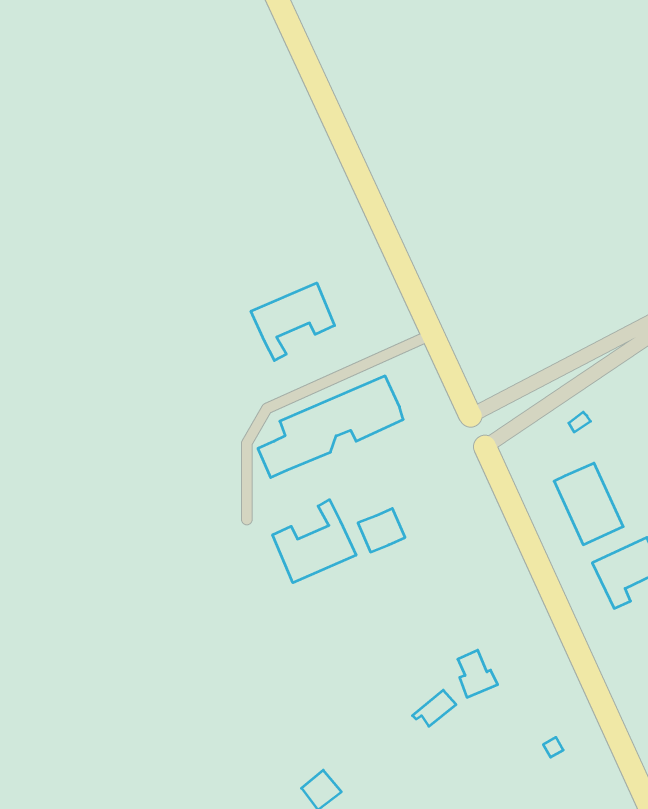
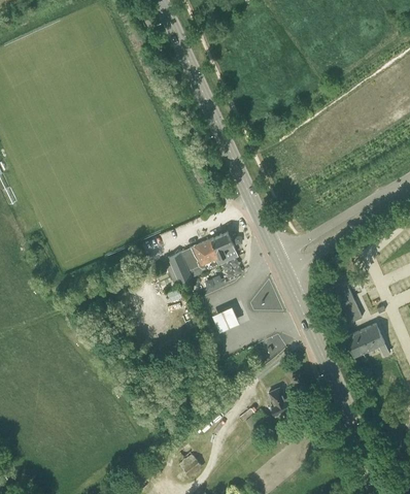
building: [251,283,335,361] -> none
building: [273,500,356,583] -> none

